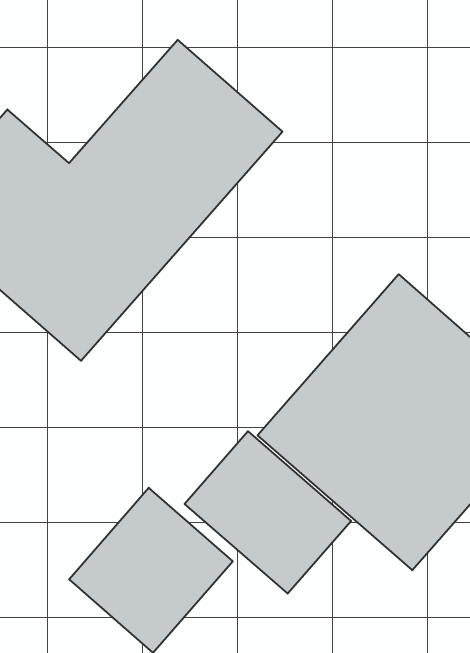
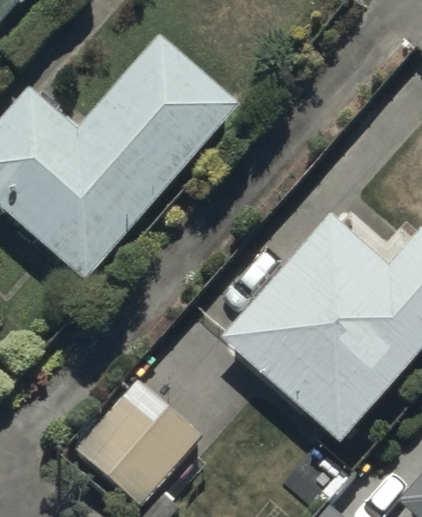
building: [185,431,351,594] -> none

